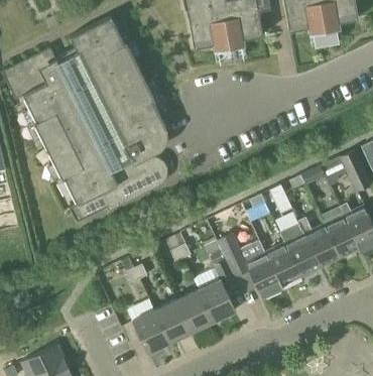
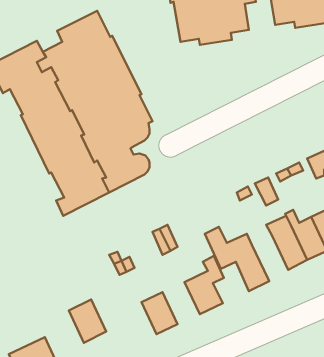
building: [266,243,302,286] -> none
building: [176,289,214,332] -> none
building: [133,309,170,353] -> [69,300,106,343]

